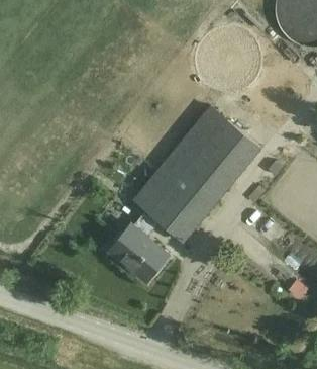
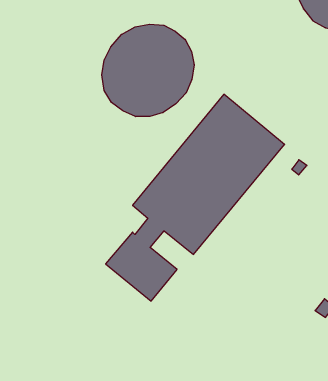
building: none -> [102,24,194,117]

